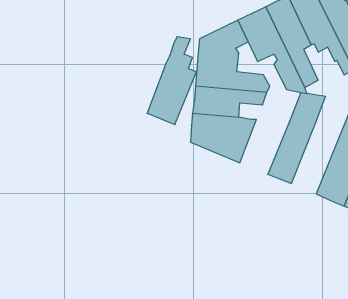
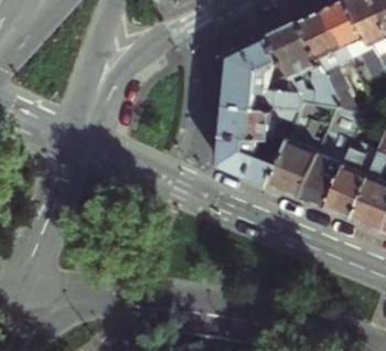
building: [147,37,197,125] -> [268,104,321,198]
building: none -> [323,141,371,219]

